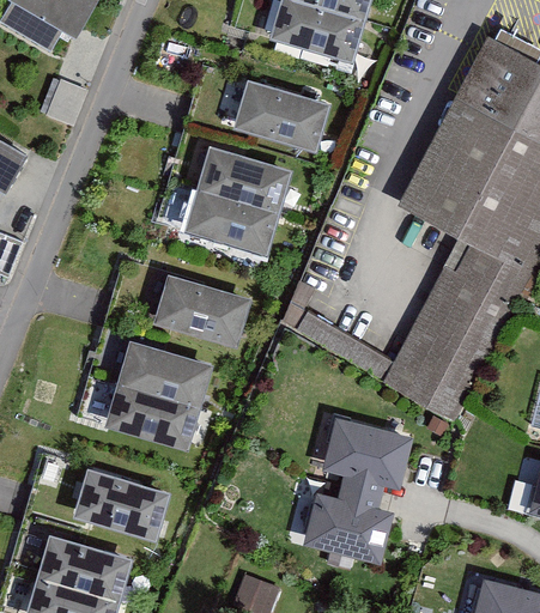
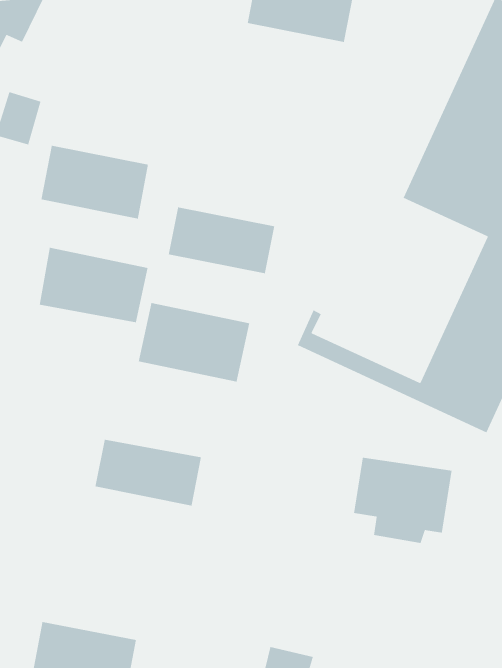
building: [230,78,330,157] -> none
building: [196,145,292,216] -> [41,145,149,219]
building: [116,336,213,408] -> [39,247,148,323]
building: [72,465,168,540] -> none
building: [302,488,394,564] -> none

